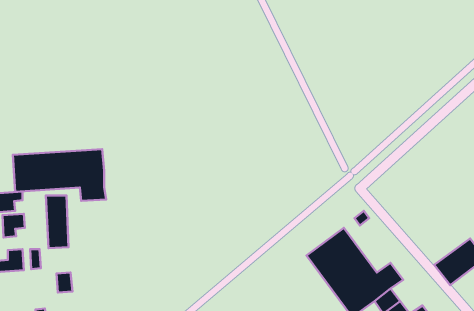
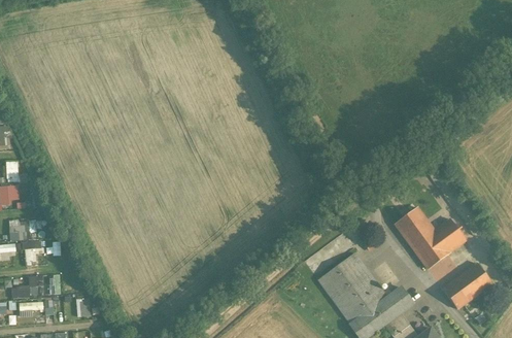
building: [13,149,106,201] -> none
building: none -> [394,207,465,269]
building: [46,195,68,248] -> none

